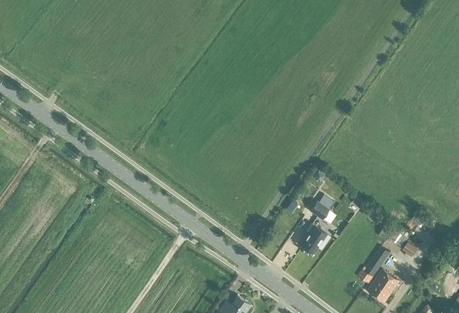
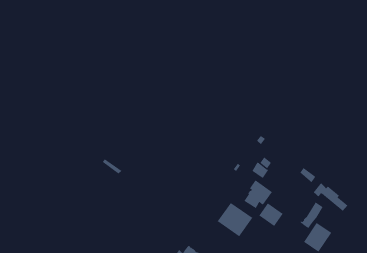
building: none -> [217,202,253,237]
building: none -> [258,203,284,227]

